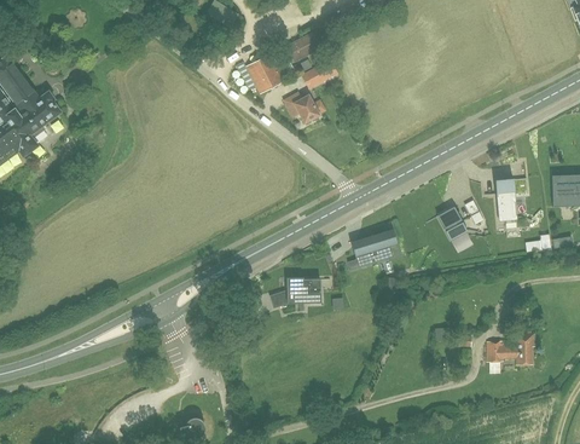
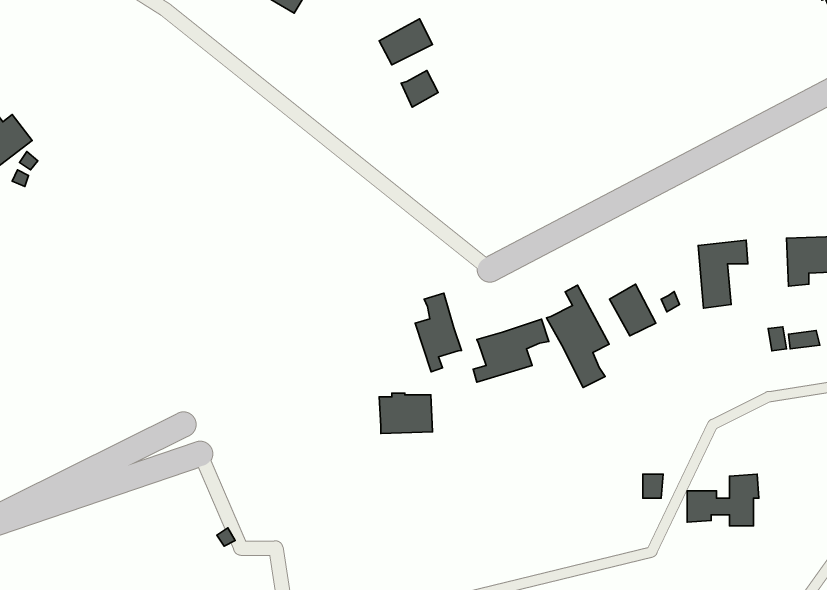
building: [245,54,291,93] -> none
building: [283,91,318,122] -> none
building: none -> [547,285,609,387]
building: none -> [415,293,462,372]

